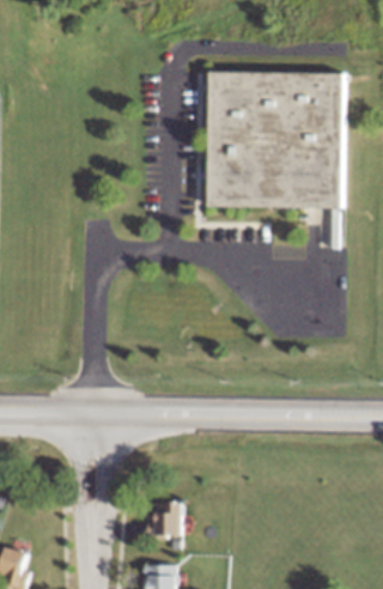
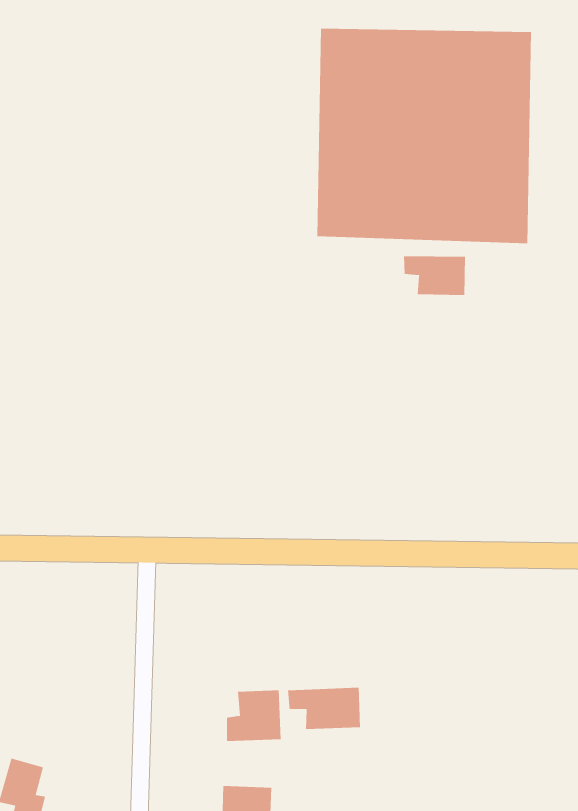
building: none -> [403,255,466,296]
building: none -> [287,687,361,730]

